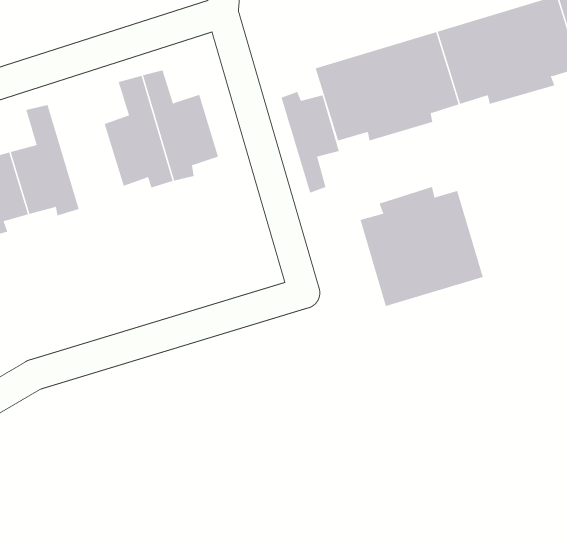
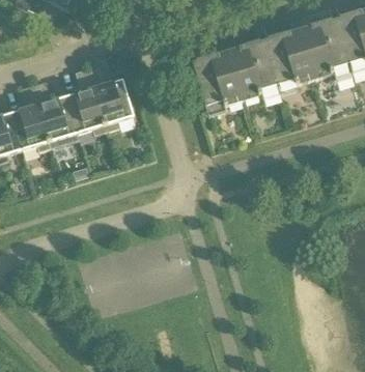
building: [281,91,340,193] -> none
building: none -> [32,80,79,146]
building: [360,186,483,307] -> none

